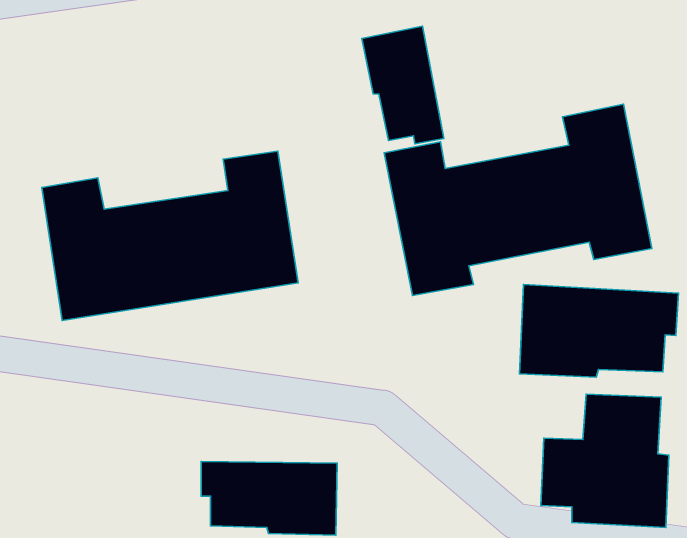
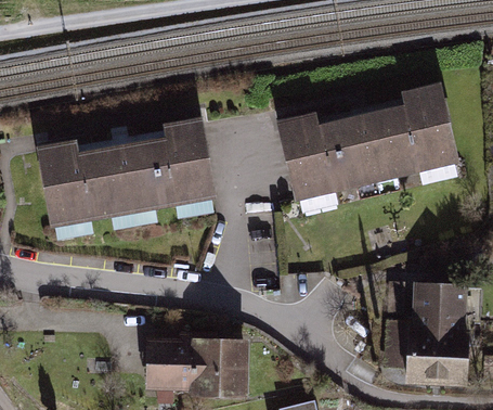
building: [362,26,444,144] -> none
building: [520,285,678,377] -> none

